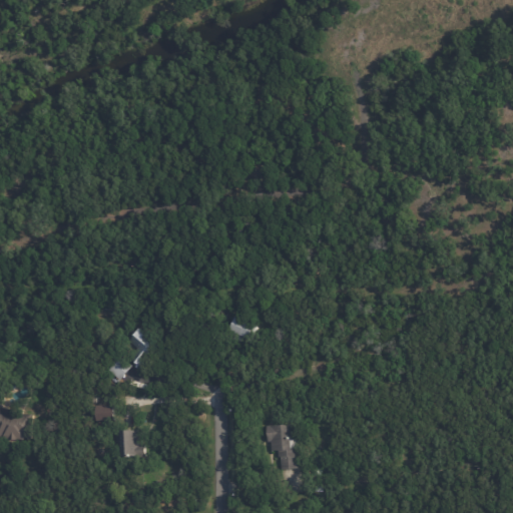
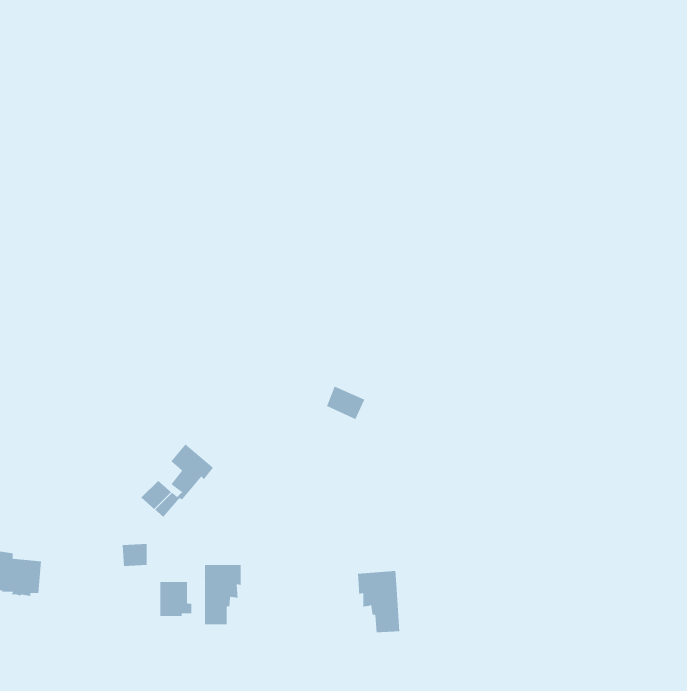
building: [225,318,254,343] -> [326,386,365,420]
building: none -> [205,564,241,625]

